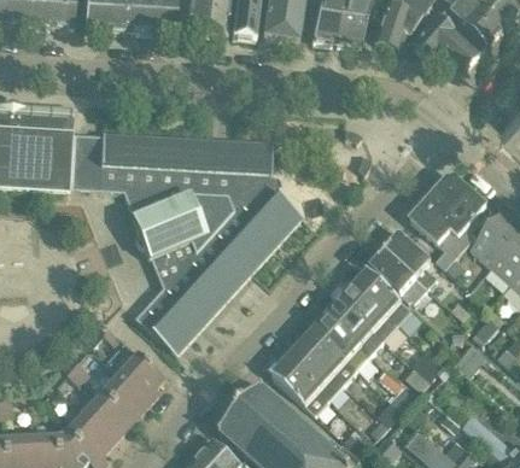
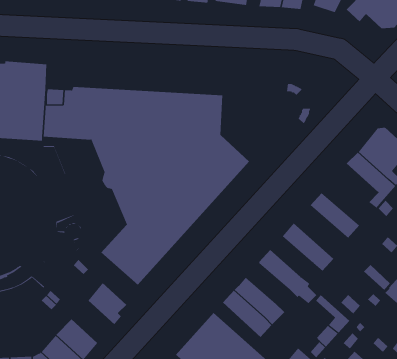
building: [384,233,439,287] -> none
building: [352,269,411,324] -> none
building: [326,299,385,353] -> none
building: [298,329,357,385] -> none
building: [101,372,150,420] -> none

